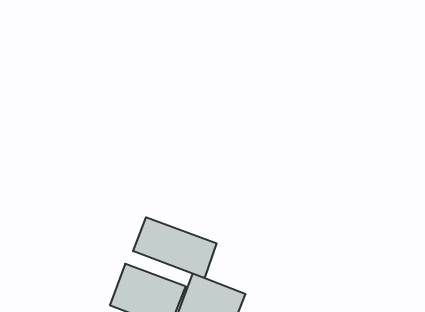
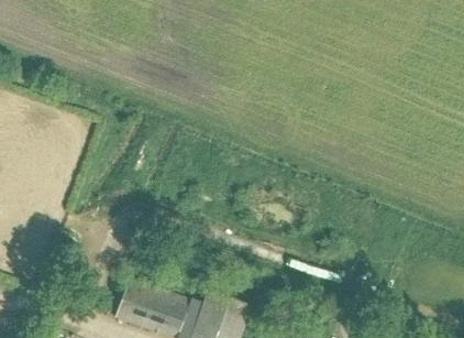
building: [133,217,217,278] -> none

